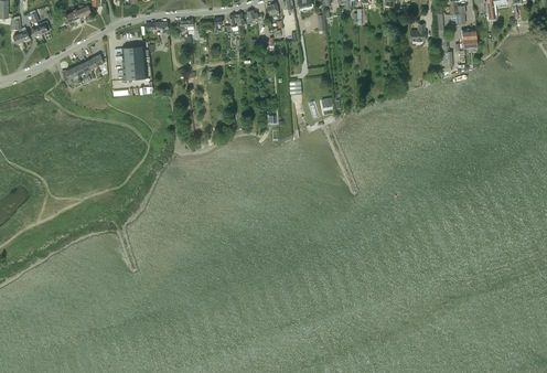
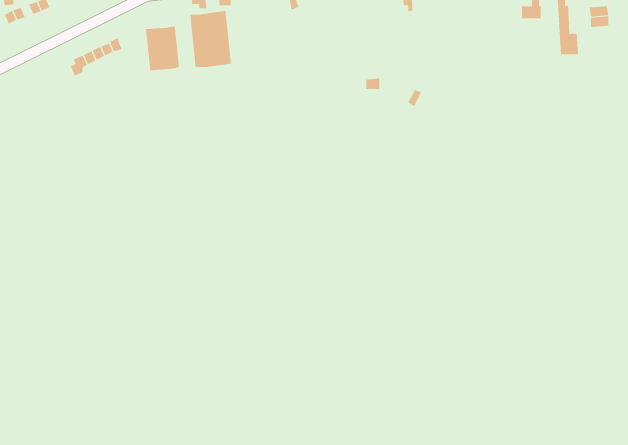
building: none -> [190,10,231,68]

